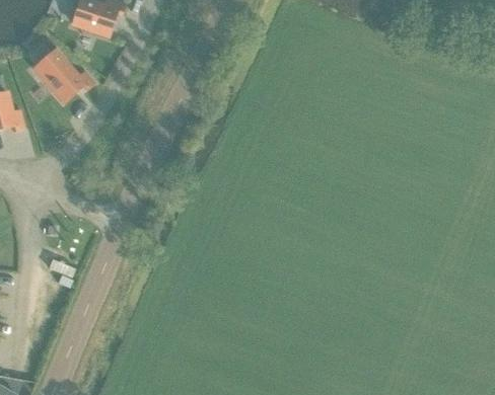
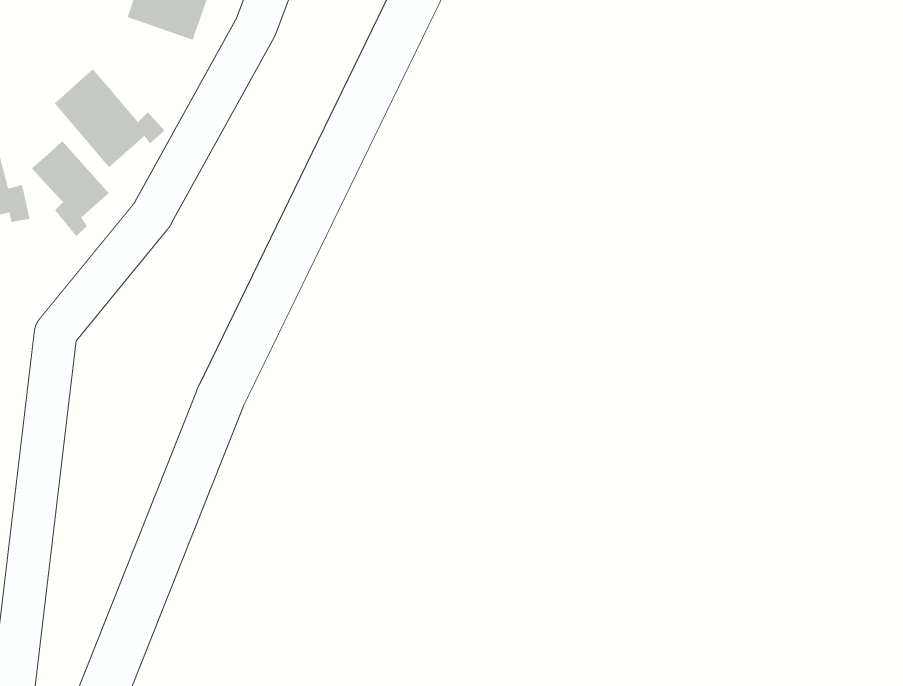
building: none -> [31,141,110,237]

